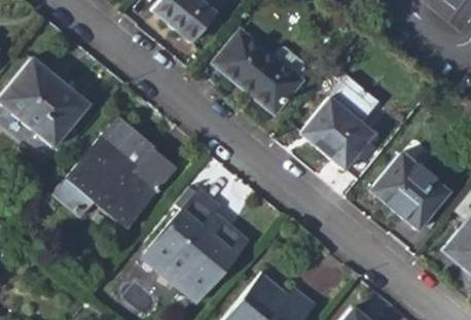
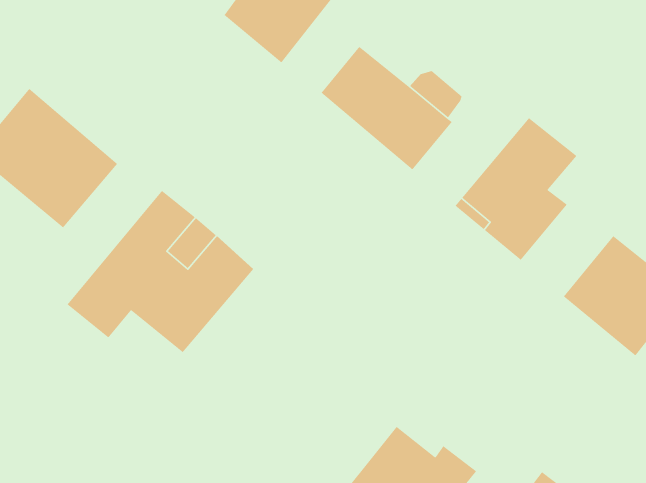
building: [146,192,247,304] -> none

